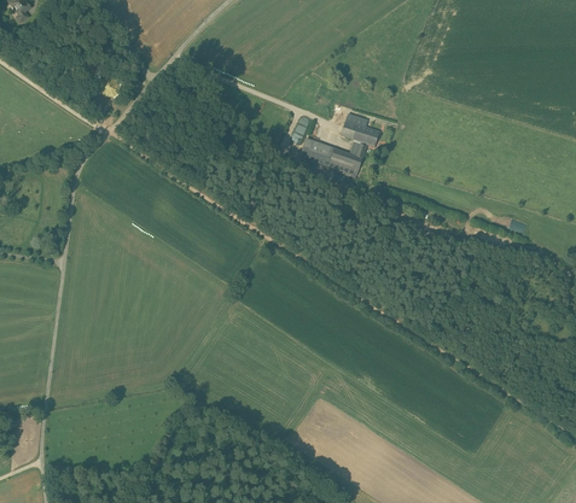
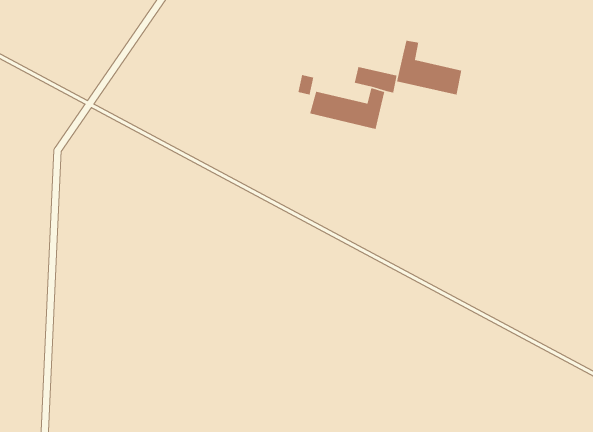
building: none -> [396,40,462,95]

